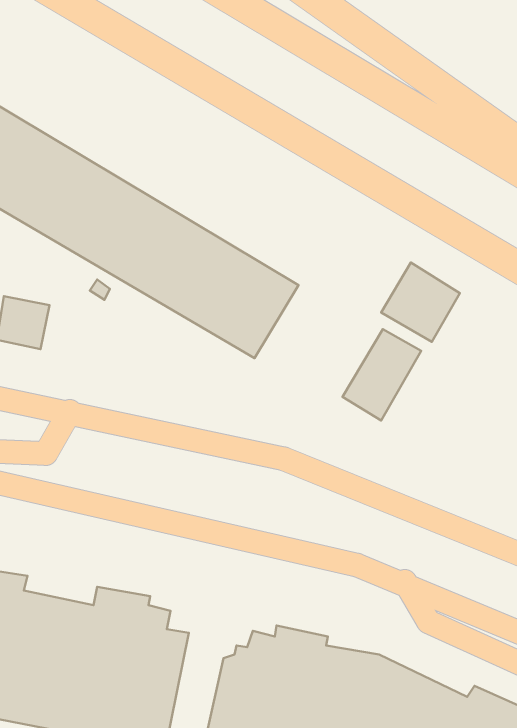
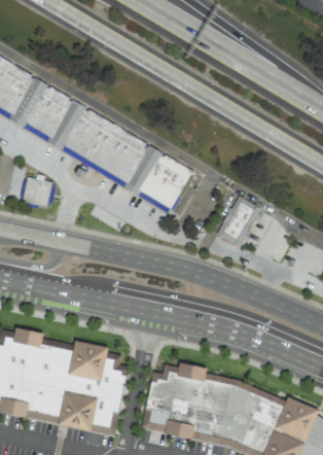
building: [381,262,460,342] -> none

